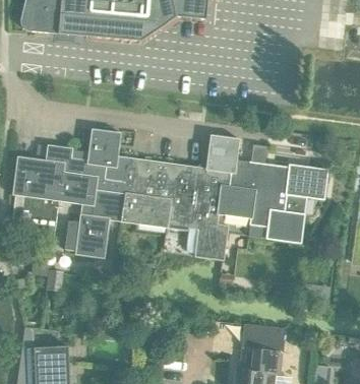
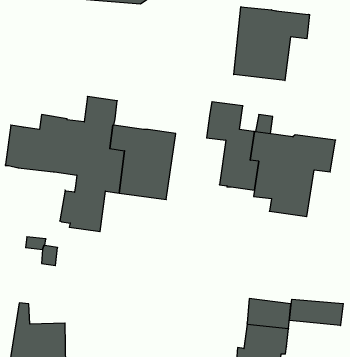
building: none -> [234,7,310,81]
building: [166,165,228,260] -> none
building: none -> [289,299,343,326]

